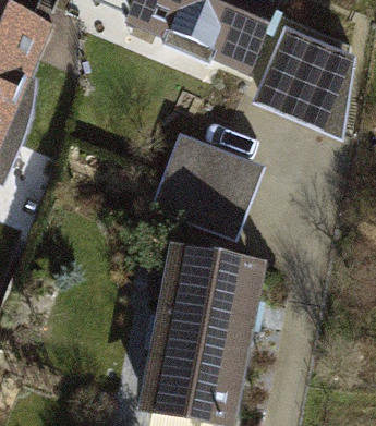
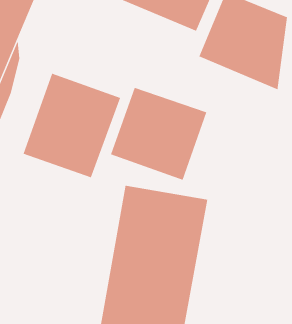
building: none -> [23,73,121,178]

